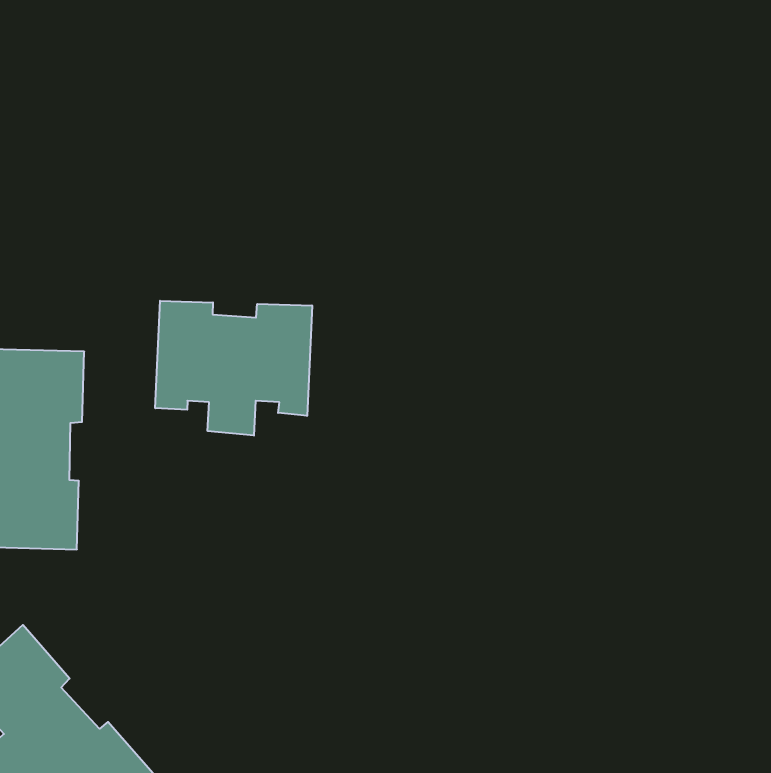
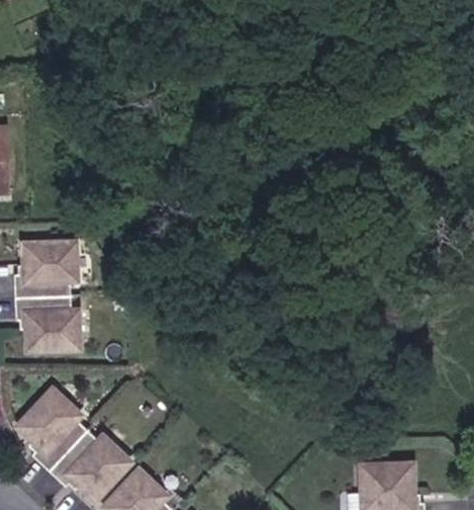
building: [155,301,312,436] -> none

